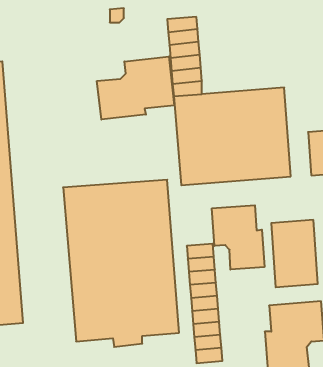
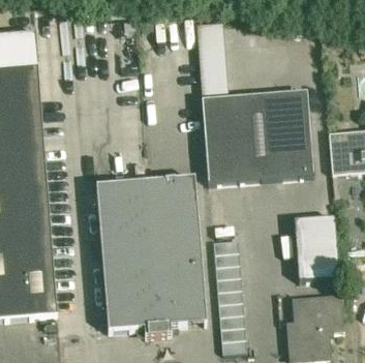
building: [97,56,174,120] -> none
building: [212,205,264,270] -> none

